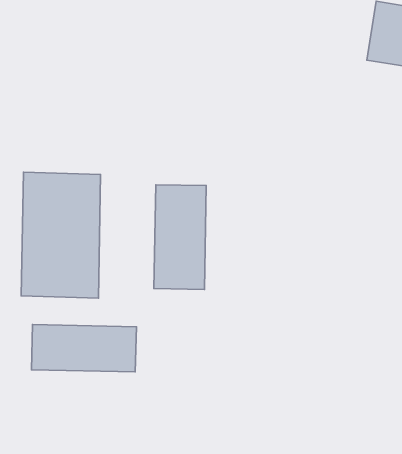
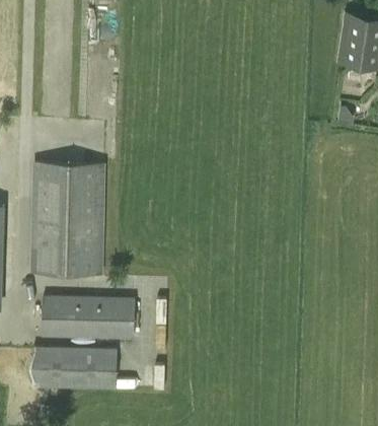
building: [154,185,206,289] -> none
building: none -> [33,348,116,389]

